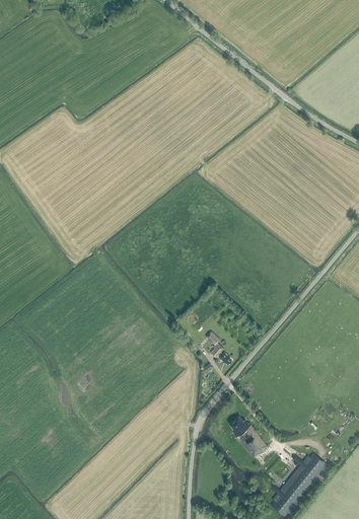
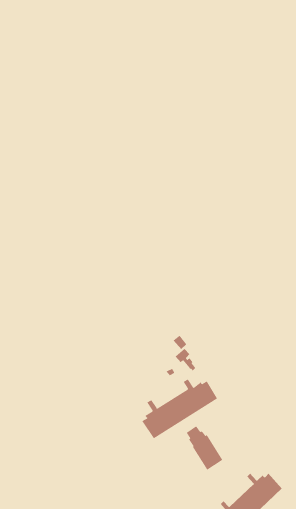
building: none -> [142,379,218,439]

